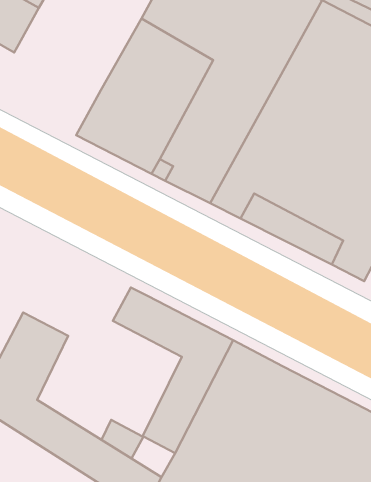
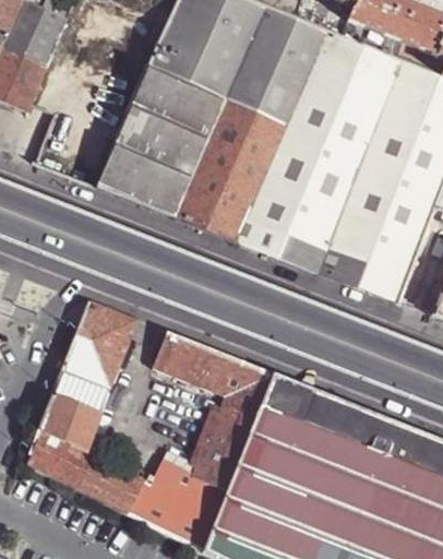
building: none -> [63,302,136,388]
building: none -> [185,479,228,518]

